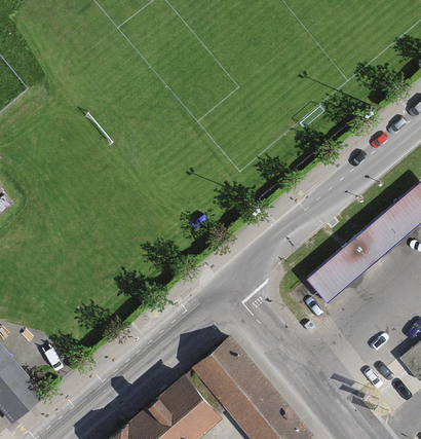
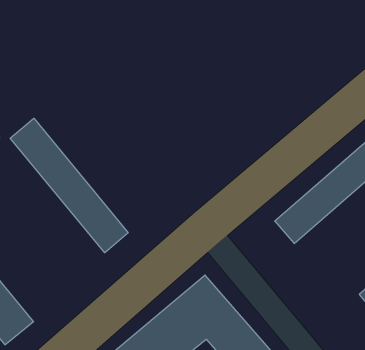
building: none -> [10,118,128,253]

